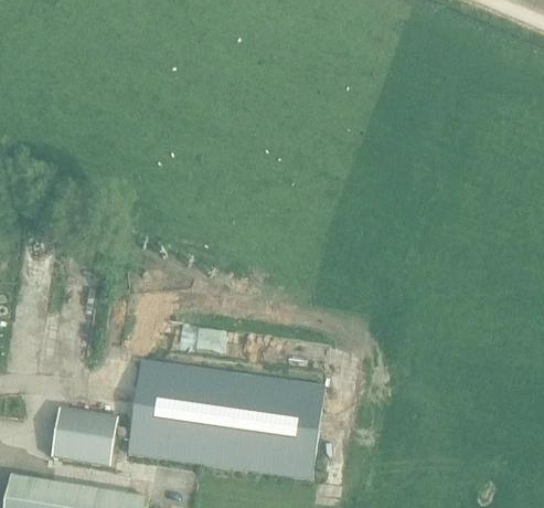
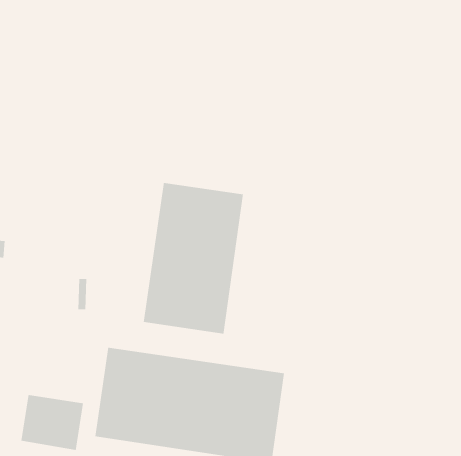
building: none -> [143,182,243,334]

